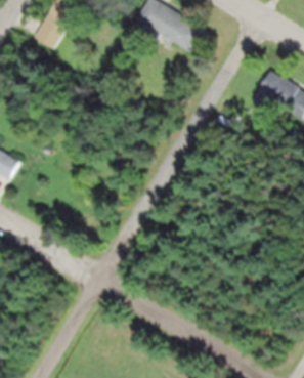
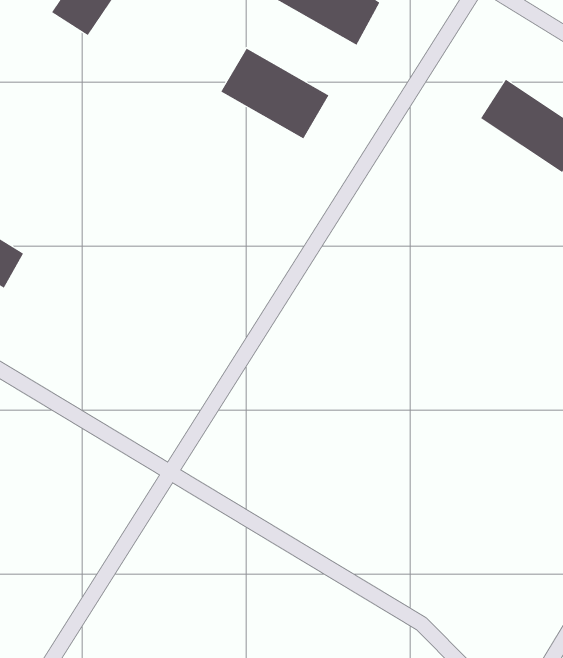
building: none -> [221,48,329,139]

